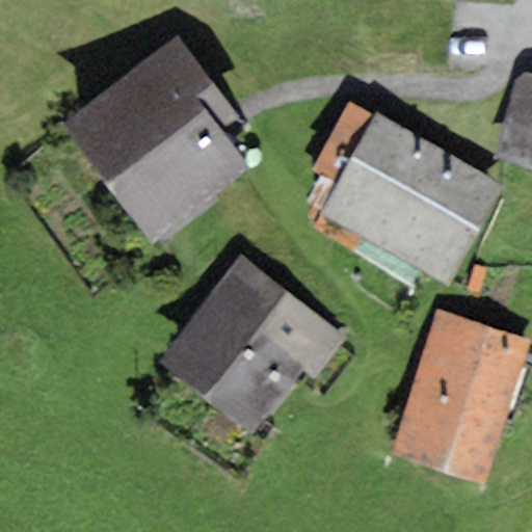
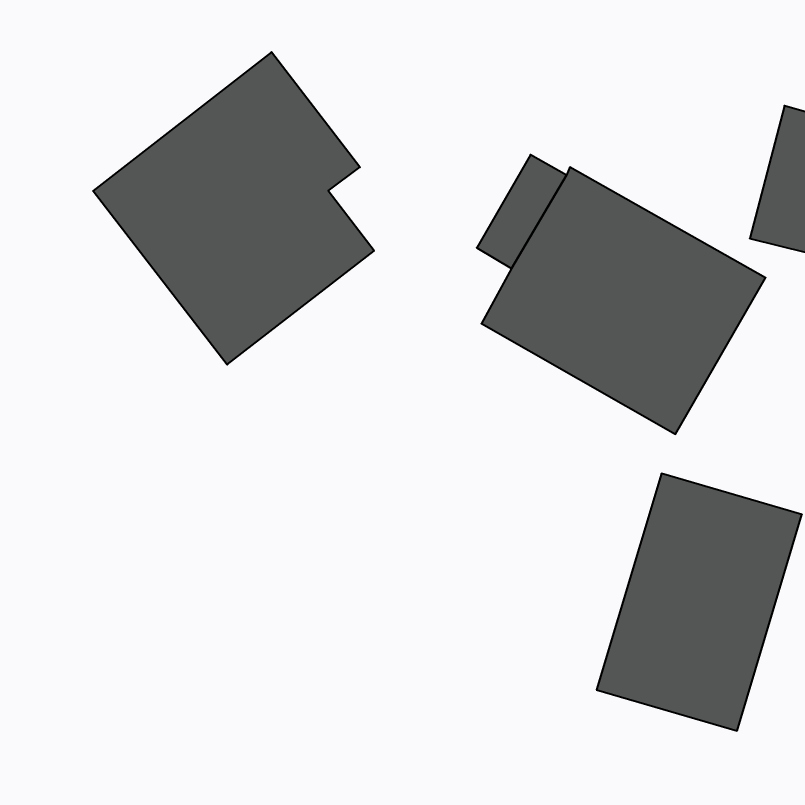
building: [158,255,349,436] -> none

